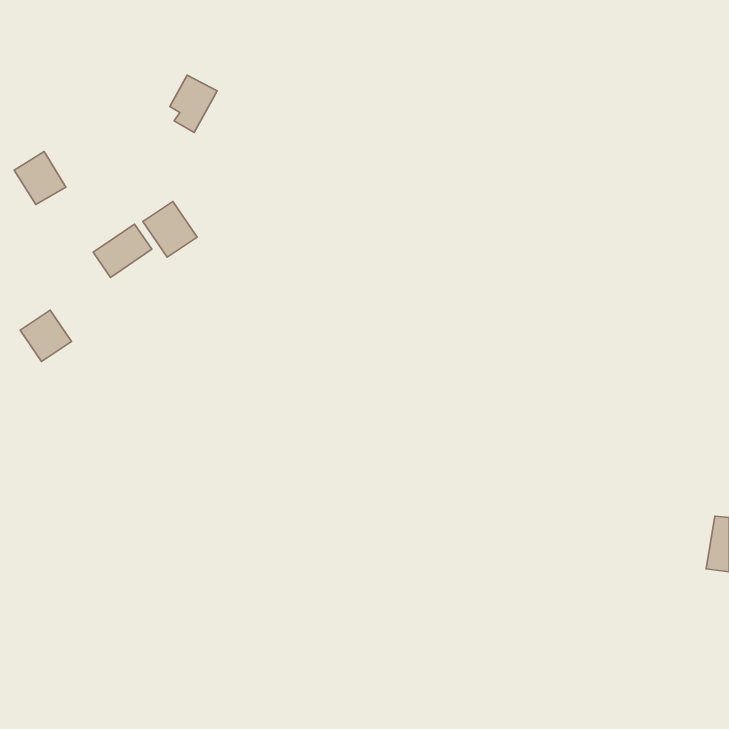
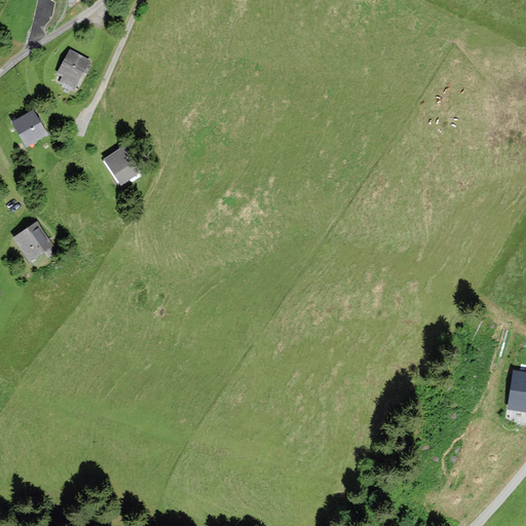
building: [170,75,217,132] -> [57,48,90,89]
building: [93,224,152,277] -> none

